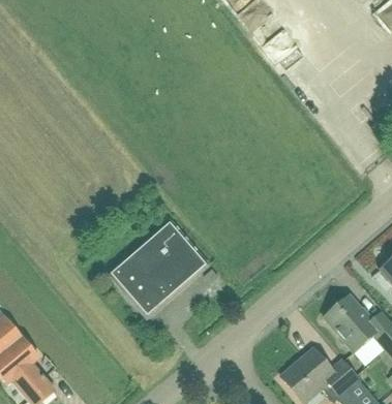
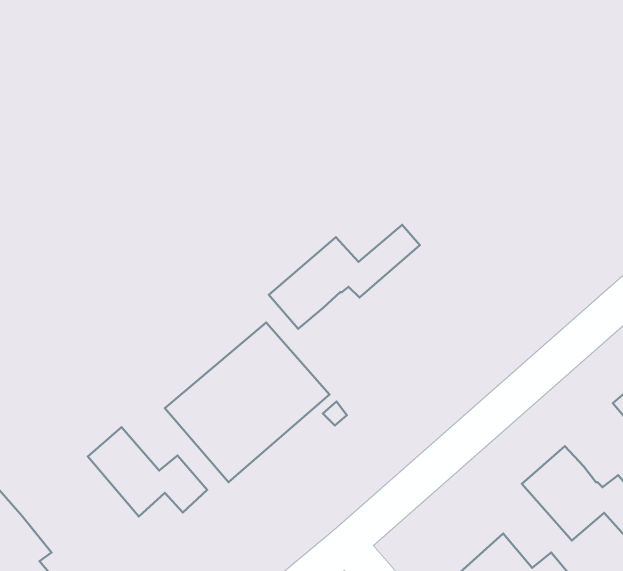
building: none -> [269,225,420,329]
building: none -> [88,427,207,516]

